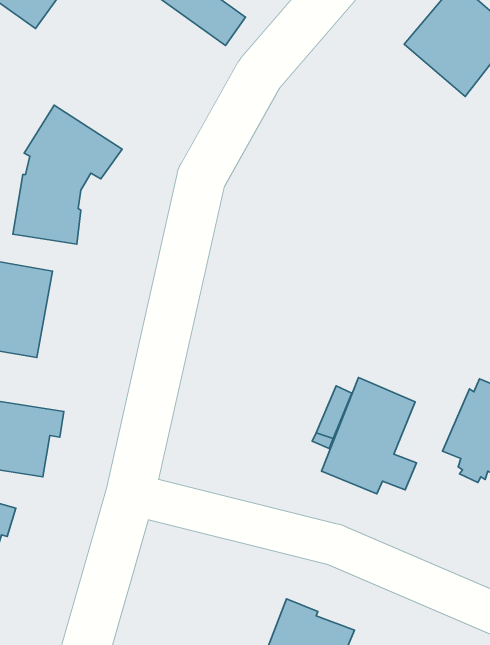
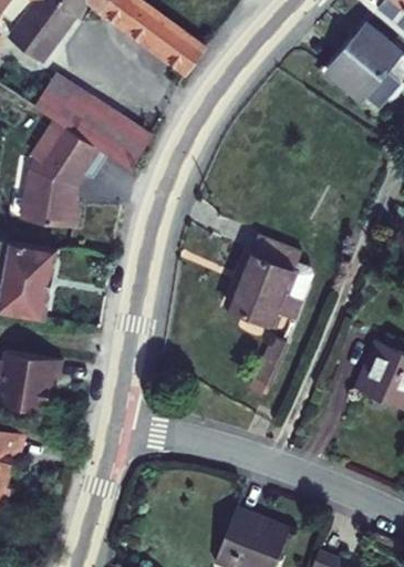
building: none -> [35,75,151,168]
building: [322,378,417,494] -> [228,234,302,324]

